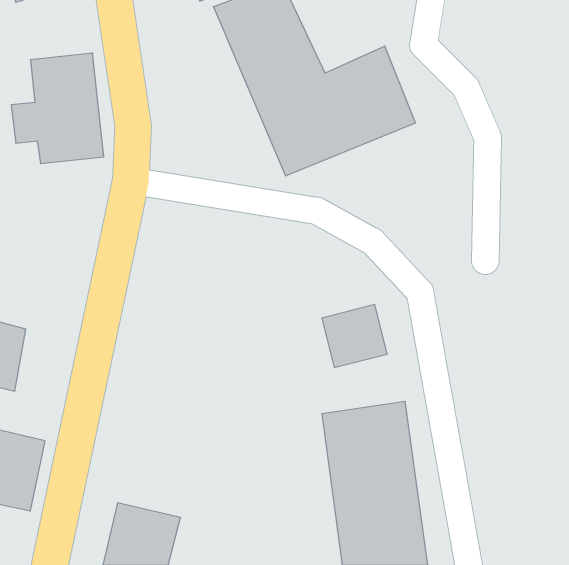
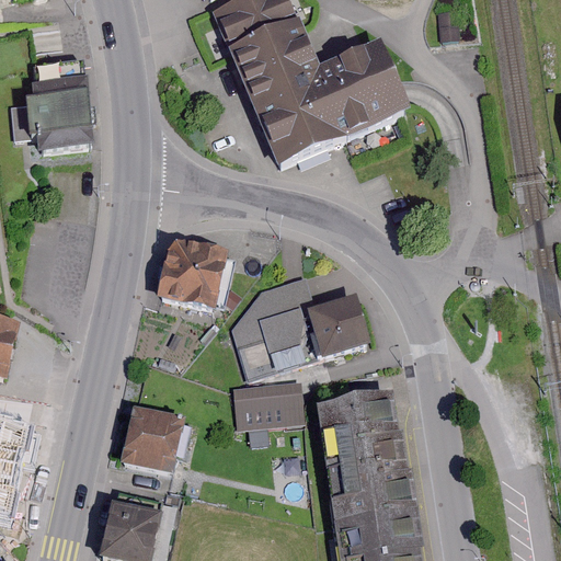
building: none -> [159,236,232,311]
building: none -> [229,277,313,373]
building: none -> [232,379,302,427]
building: none -> [123,404,190,471]

